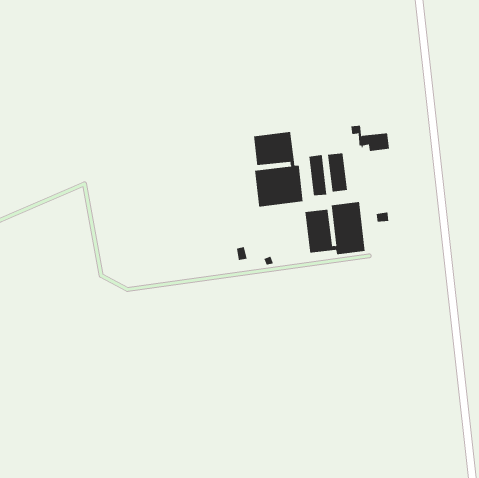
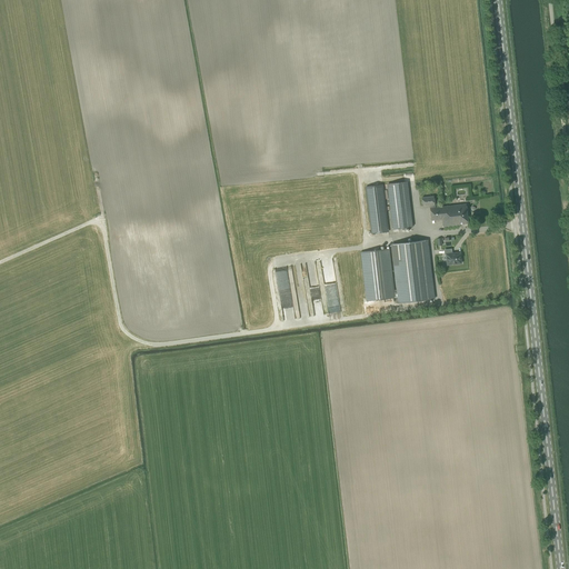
building: [350,125,390,152] -> [421,194,468,226]
building: [253,131,303,208] -> none

